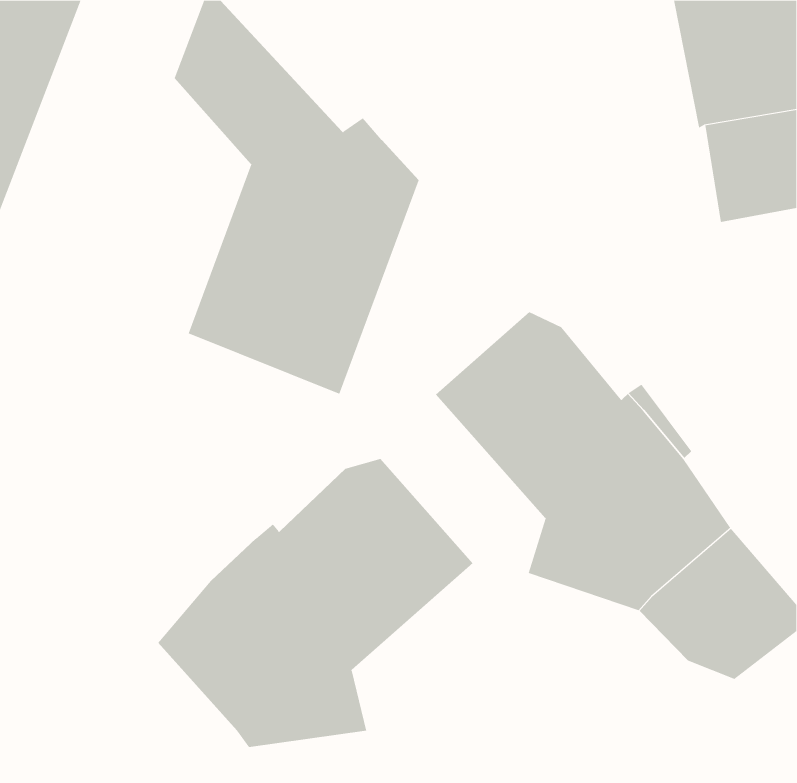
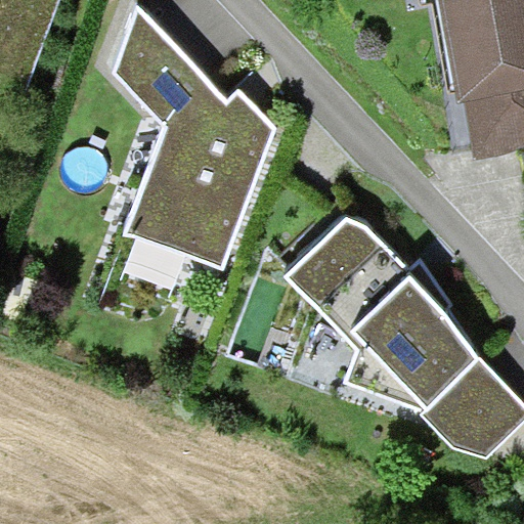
building: [157,458,473,748] -> none

